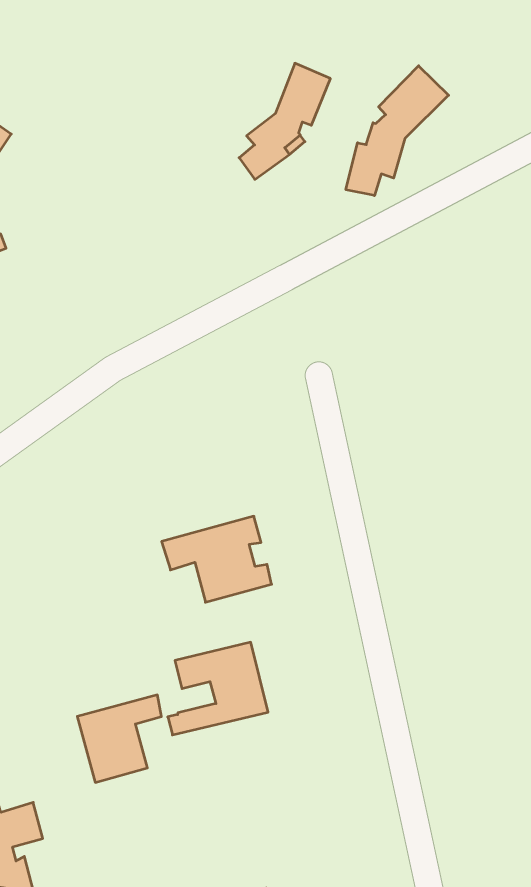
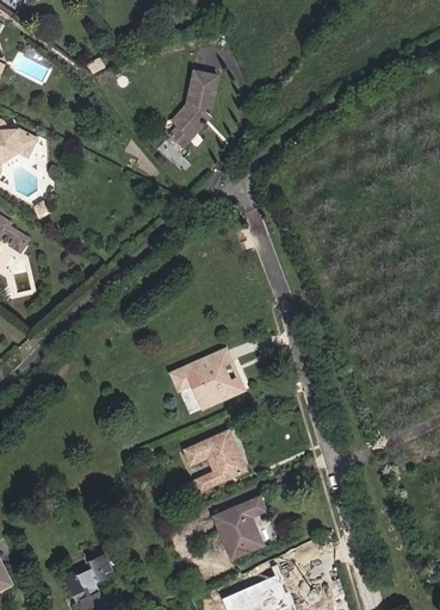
building: [346,66,449,196] -> none
building: [77,695,161,782] -> [217,493,269,554]

